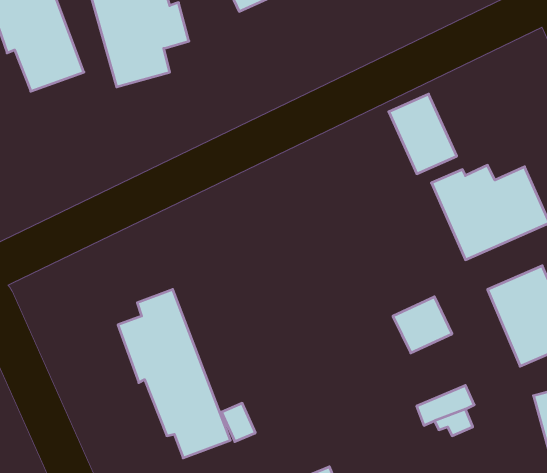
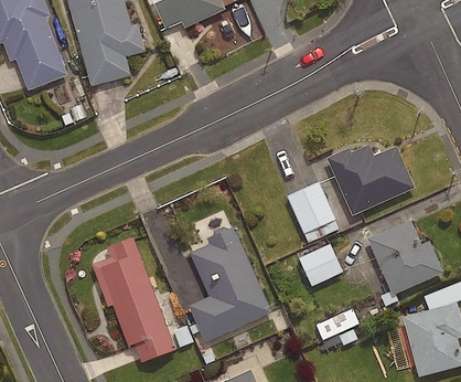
building: [389,94,457,174] -> [287,181,337,241]
building: none -> [189,225,271,340]

